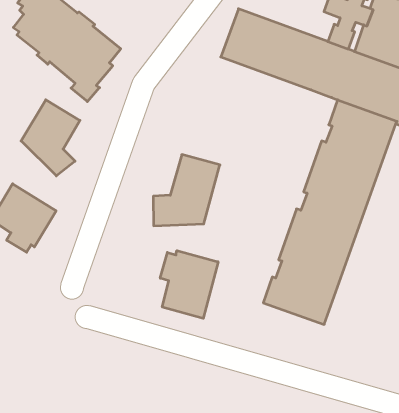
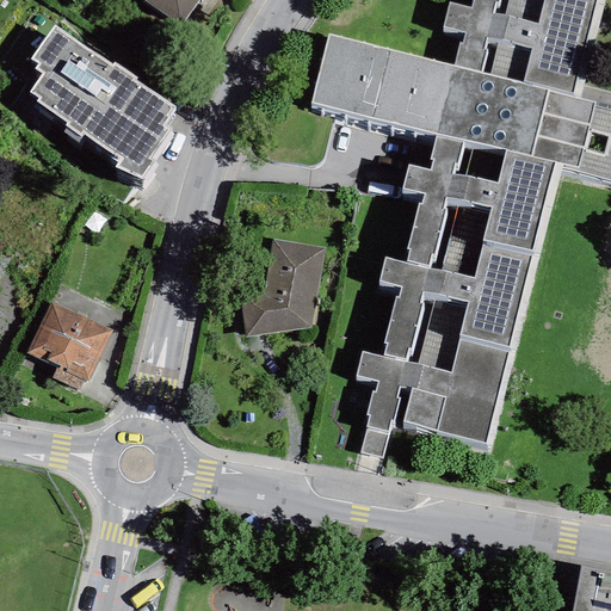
building: none -> [357,132,470,457]
building: [21,100,80,176] -> none
building: [160,251,218,318] -> none

